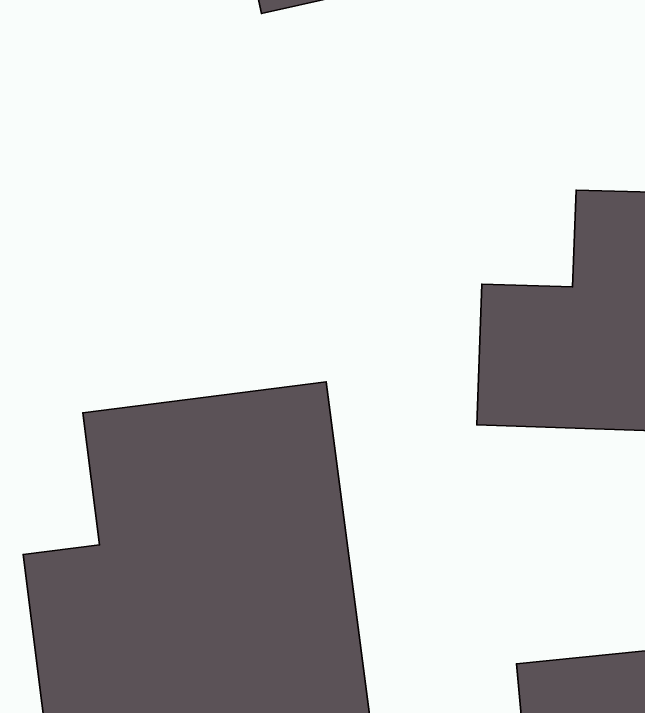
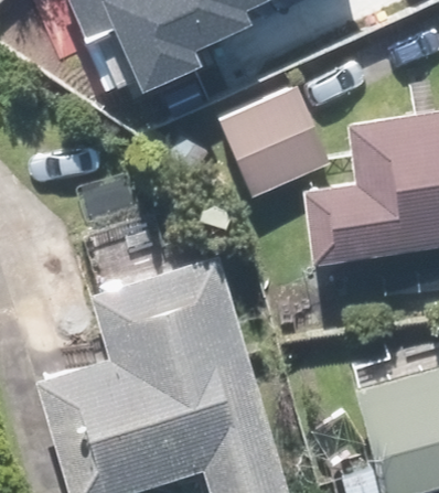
building: none -> [218,87,335,203]

